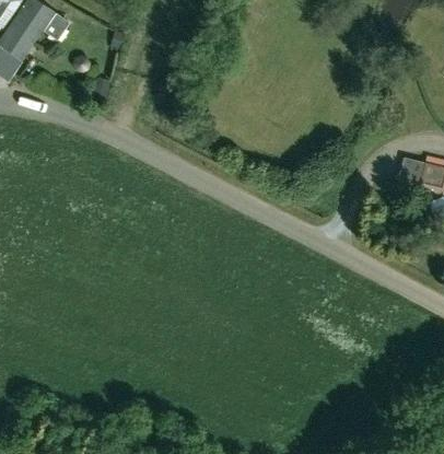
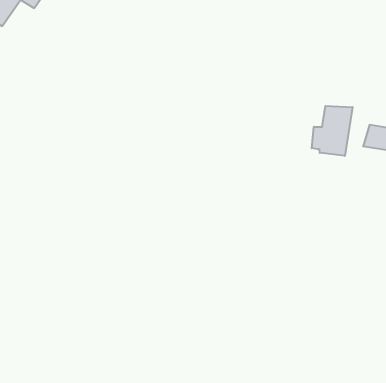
building: none -> [312,106,353,156]

